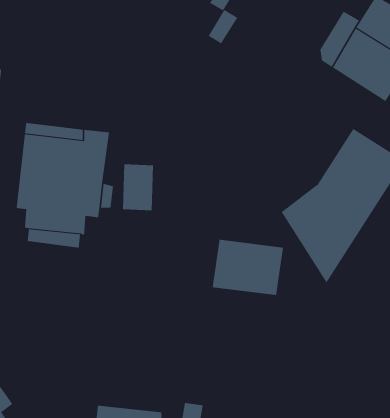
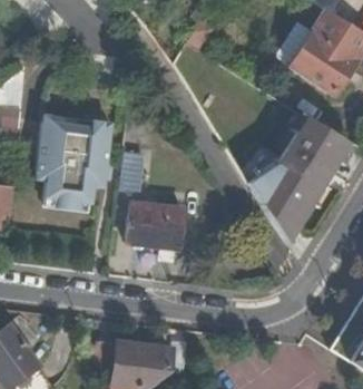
building: [212,239,284,296] -> [122,203,180,249]

